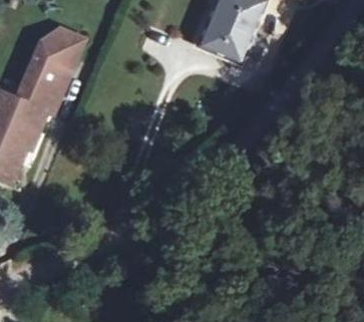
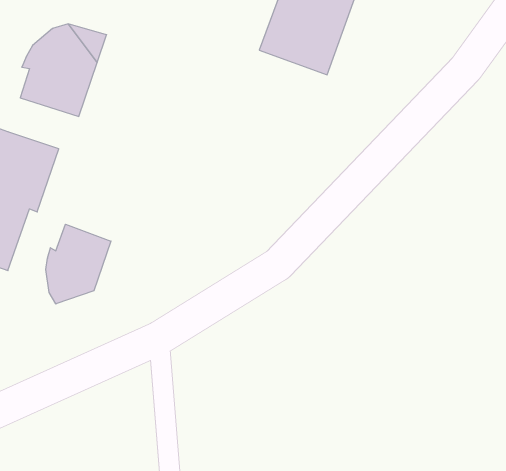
building: [21,72,67,107] -> none
building: none -> [46,224,111,304]

